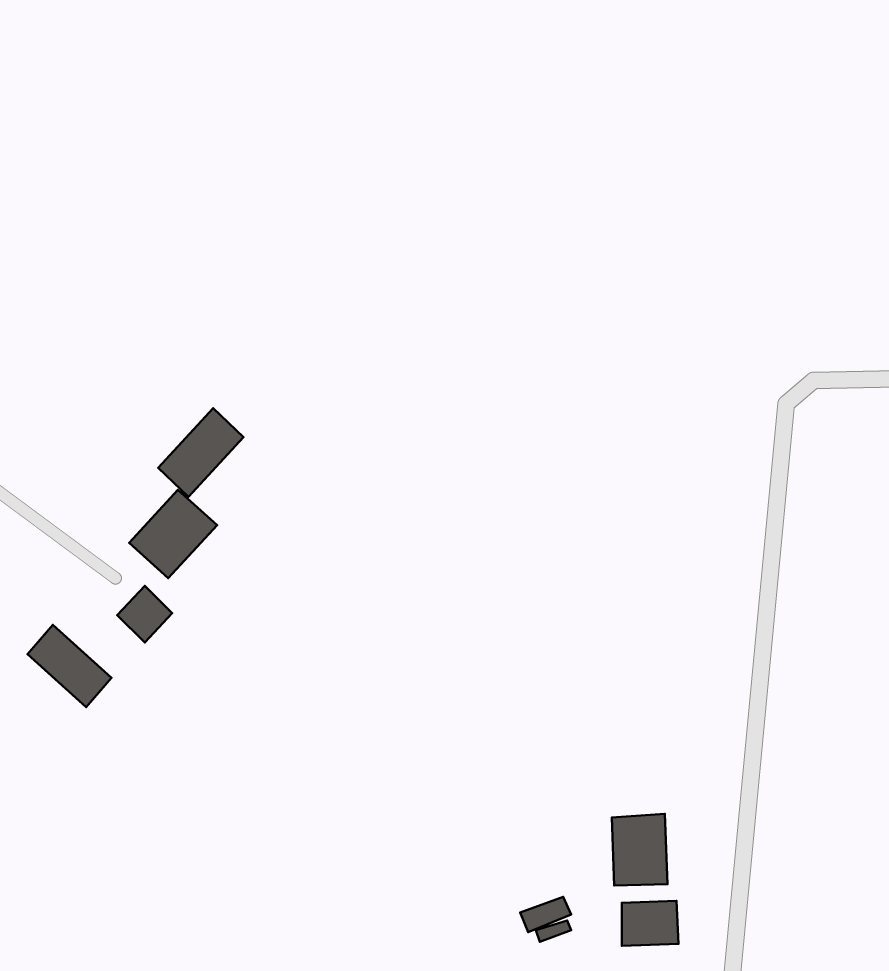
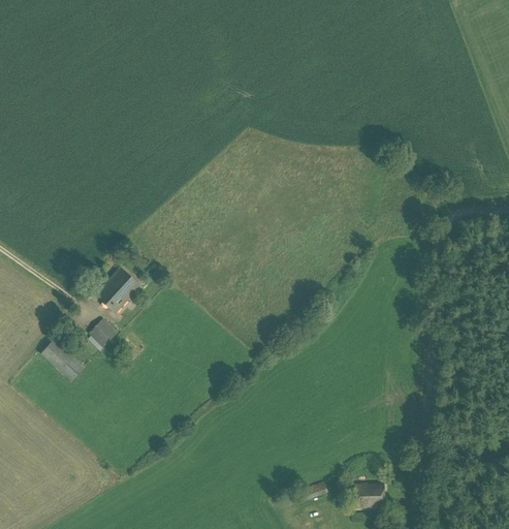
building: [158,408,244,497] -> none
building: [612,814,667,885] -> none

